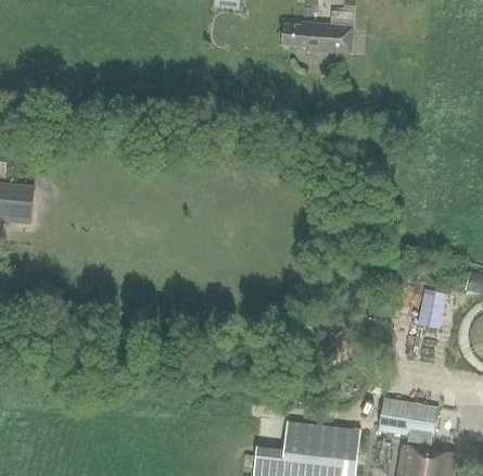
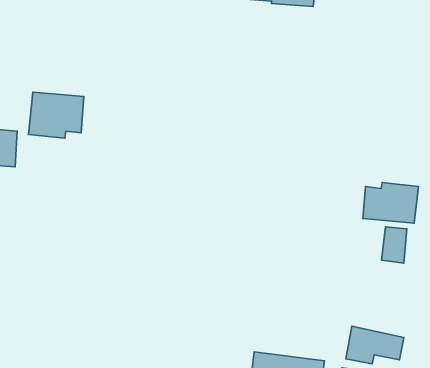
building: none -> [28,92,84,138]
building: none -> [363,182,419,223]

